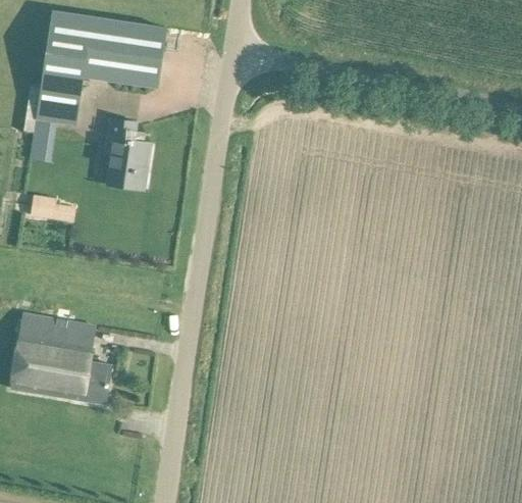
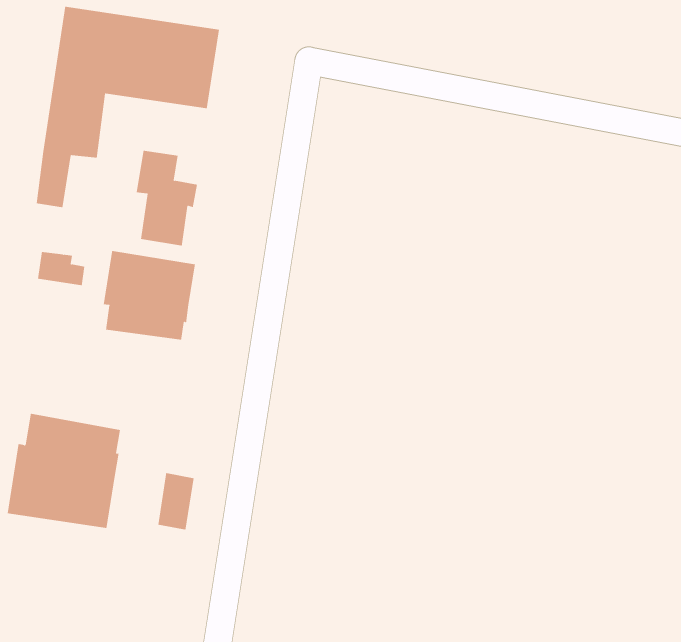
building: none -> [103,250,195,341]
building: [83,360,110,403] -> [157,473,194,530]

